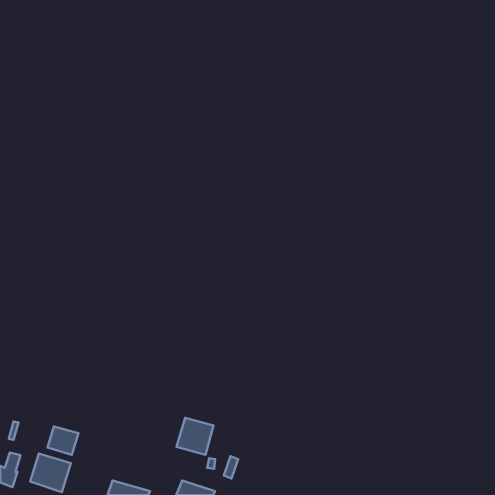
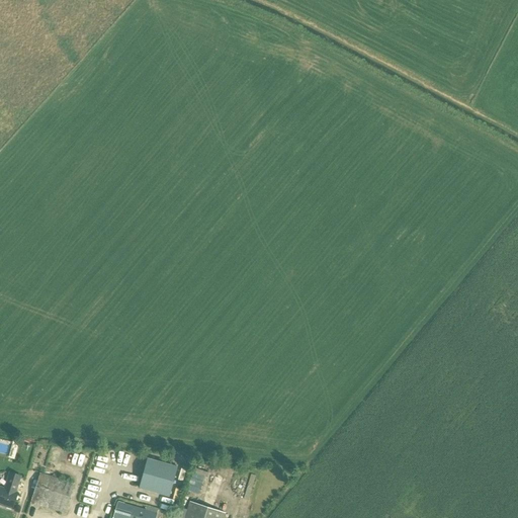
building: [177,418,213,455] -> [139,458,177,497]
building: [48,426,79,455] -> none

